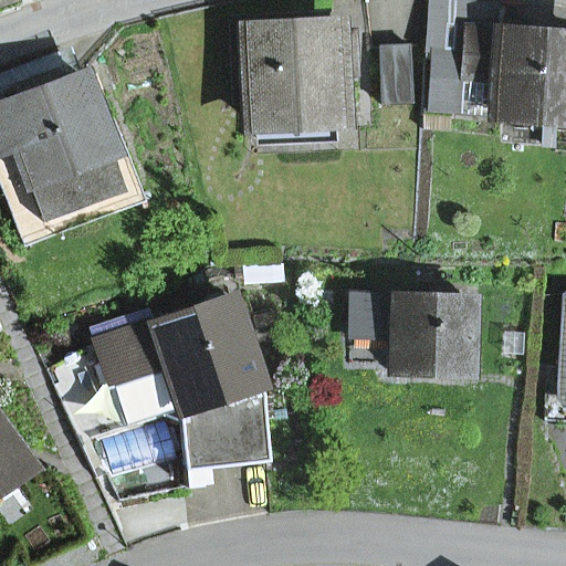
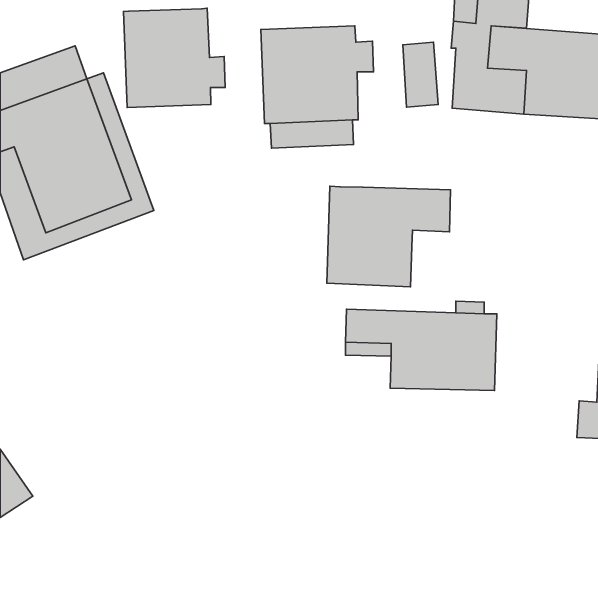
building: none -> [123,8,225,108]
building: none -> [327,186,451,287]
building: [99,295,270,483] -> none

